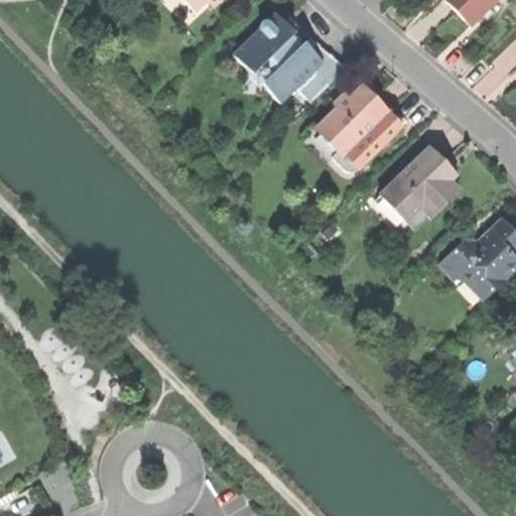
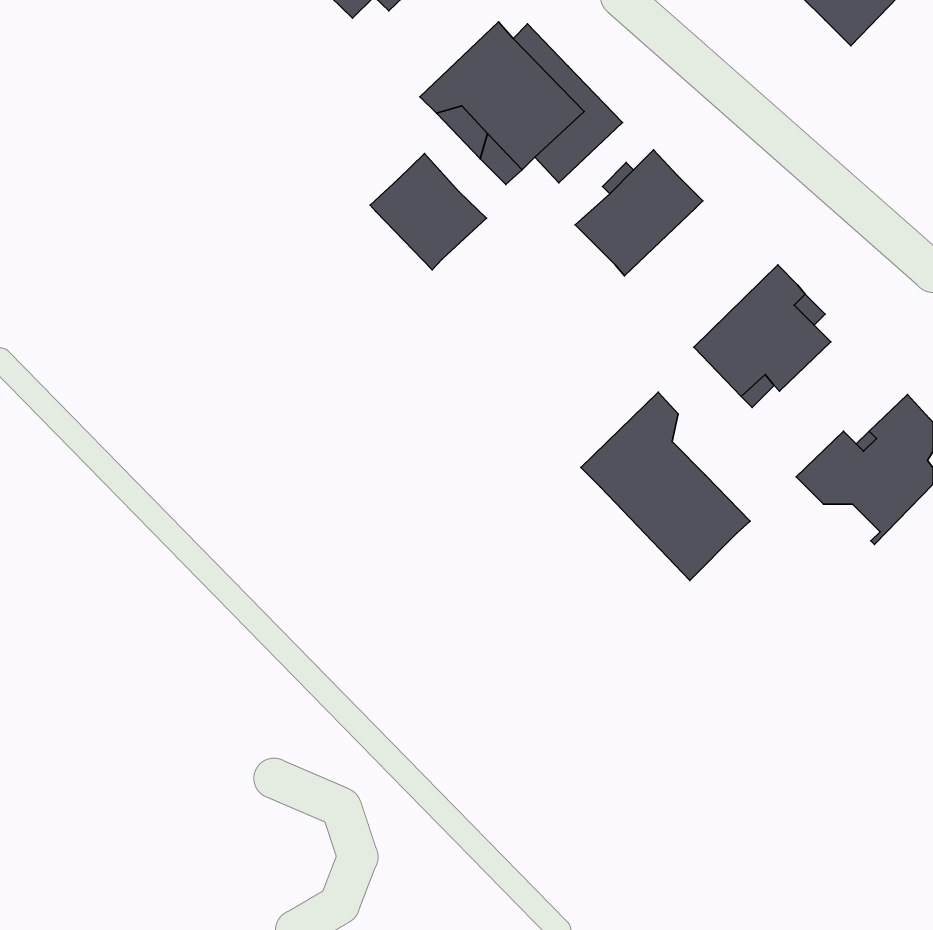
building: none -> [370,153,487,270]
building: [331,115,398,172] -> none
building: none -> [581,392,750,581]

